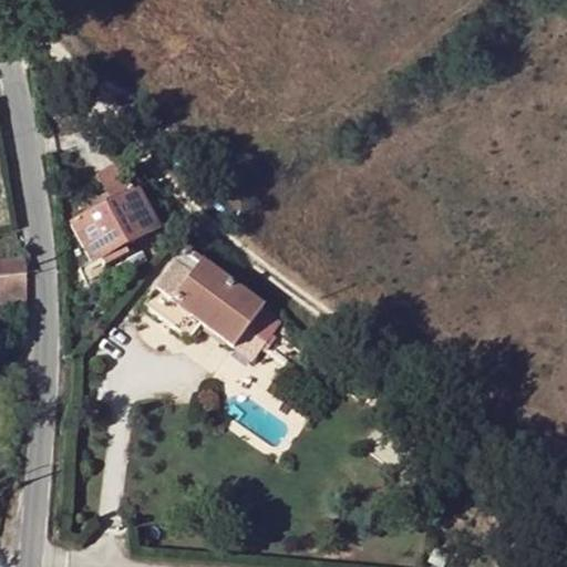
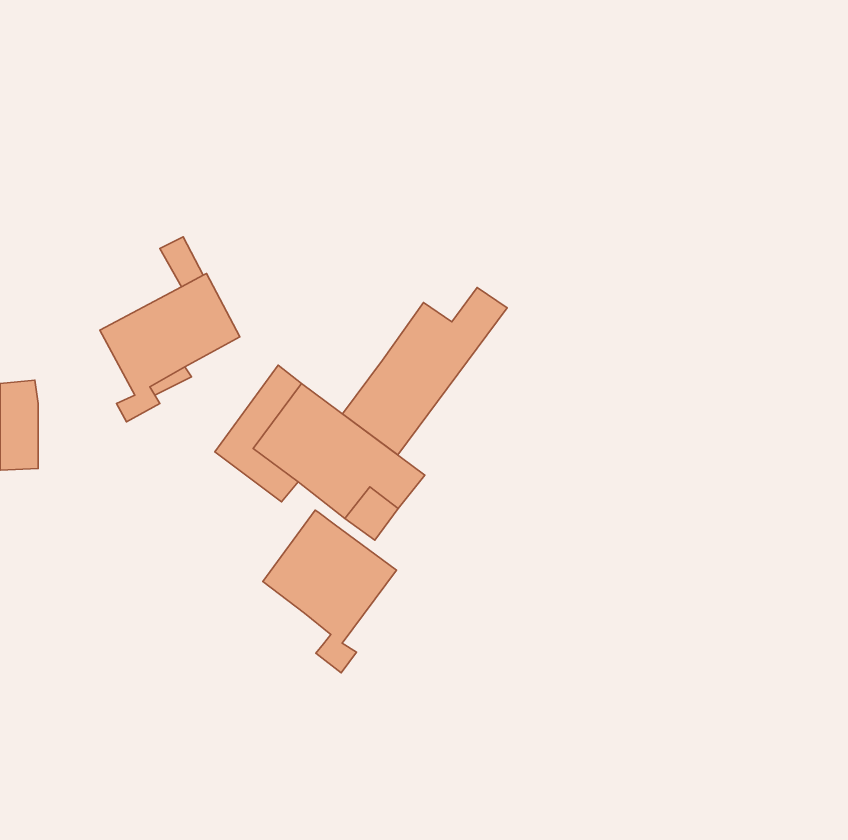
building: none -> [342,288,507,455]
building: none -> [263,510,397,673]

